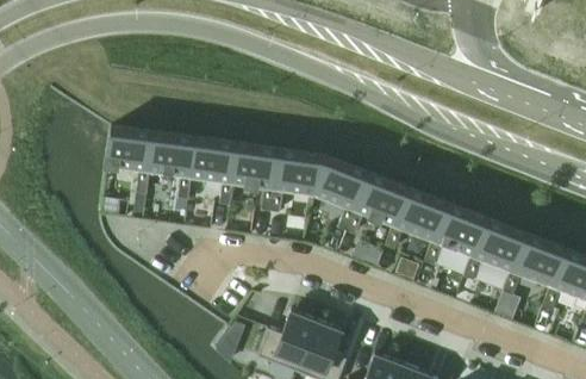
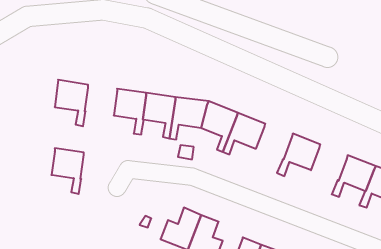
building: [151,133,198,199] -> [51,148,84,194]
building: [387,190,449,249] -> none
building: [466,219,528,279] -> none

